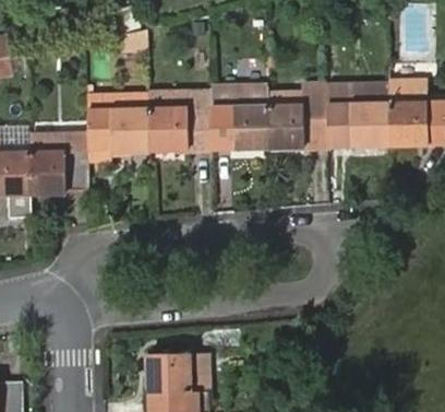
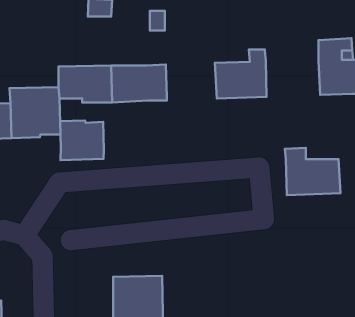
building: [211,85,270,149] -> none
building: [326,91,390,145] -> [285,148,341,195]
building: none -> [60,121,104,160]

